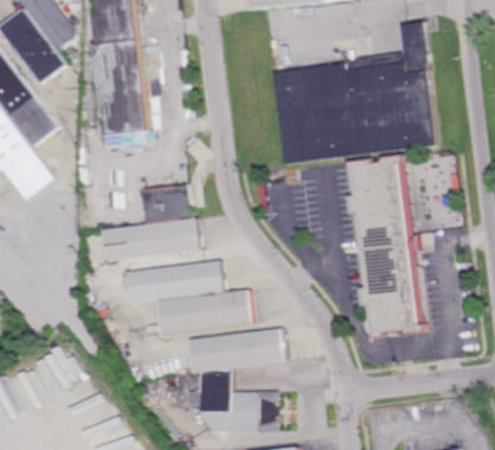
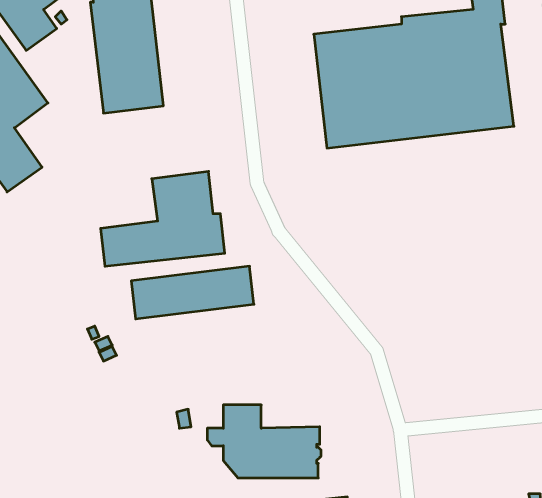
building: [344,152,423,336] -> none
building: [153,290,250,335] -> none
building: [186,328,284,373] -> none

